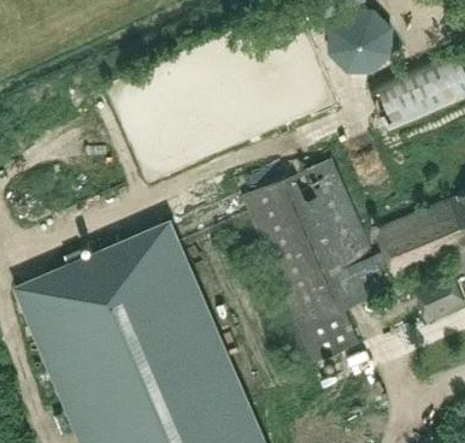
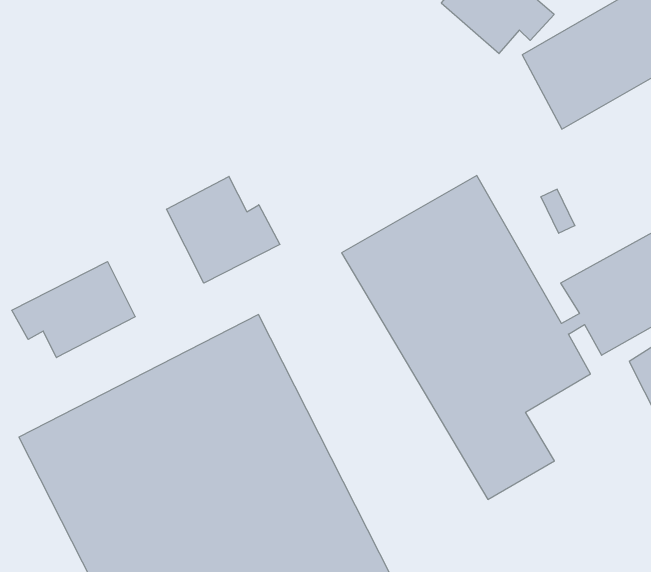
building: none -> [167,176,280,283]
building: none -> [12,262,135,358]

